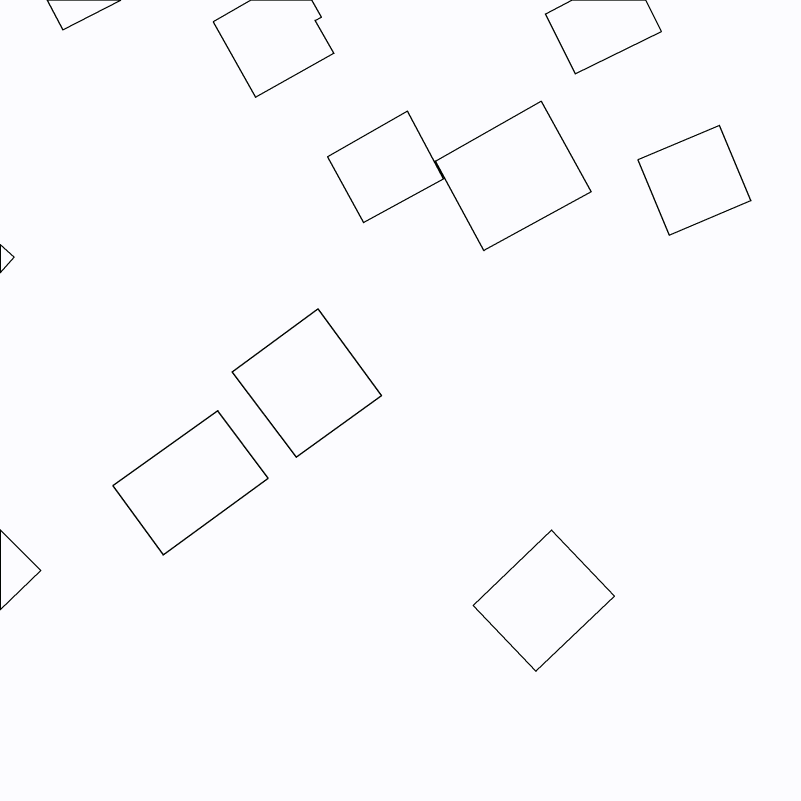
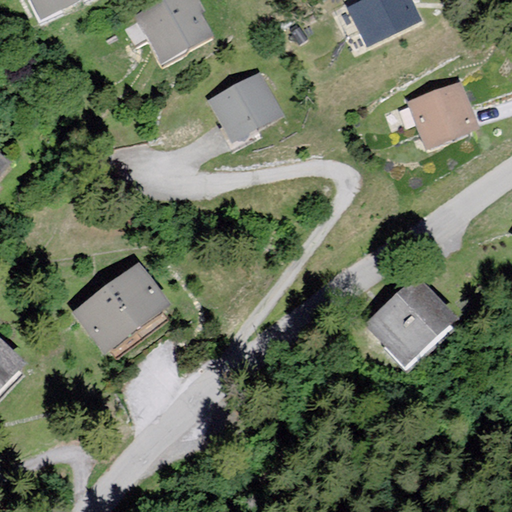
building: [435,101,591,251] -> none
building: [232,309,381,457] -> none
building: [473,530,614,671] -> [364,276,454,366]

